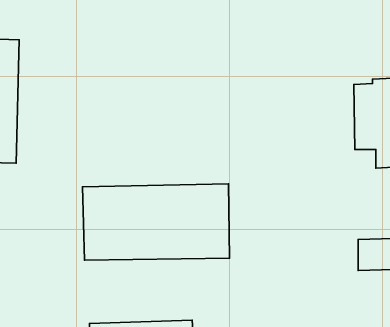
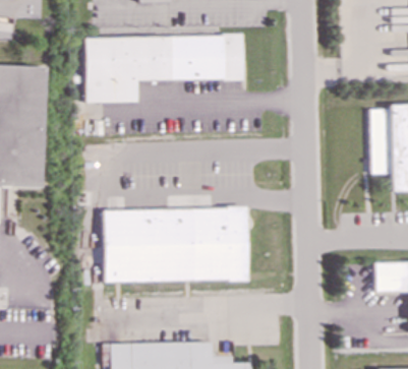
building: none -> [85,34,245,102]

